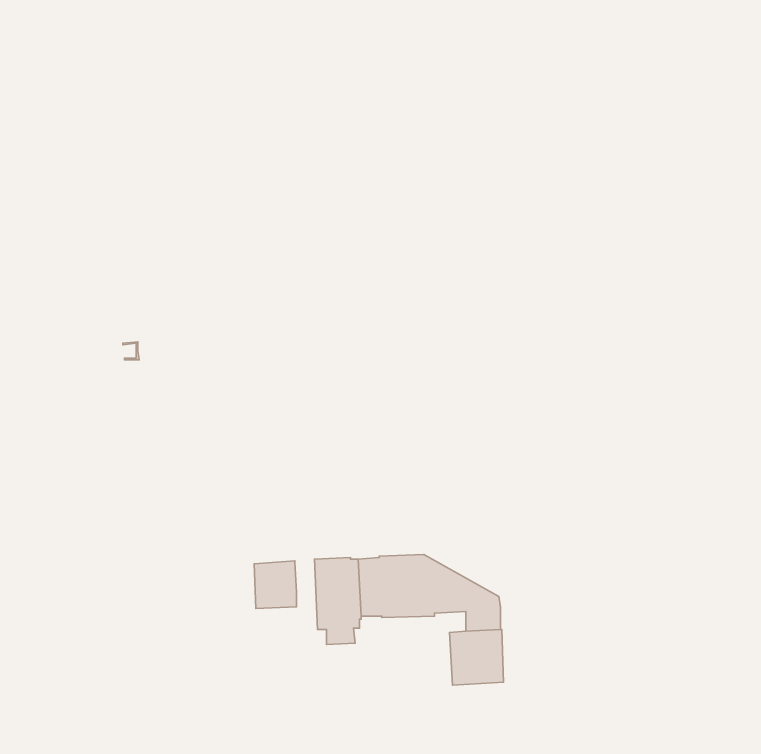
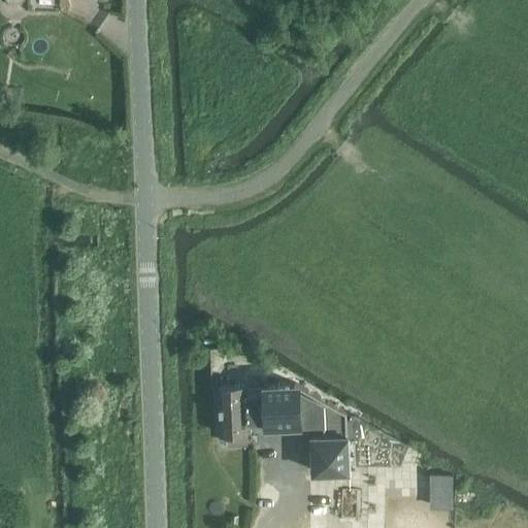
building: [254,561,297,608] -> none
building: none -> [431,480,452,509]

